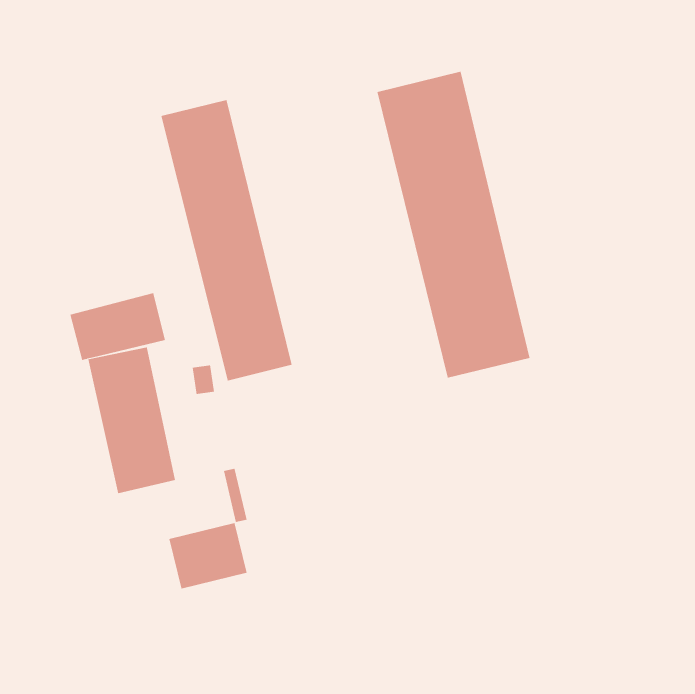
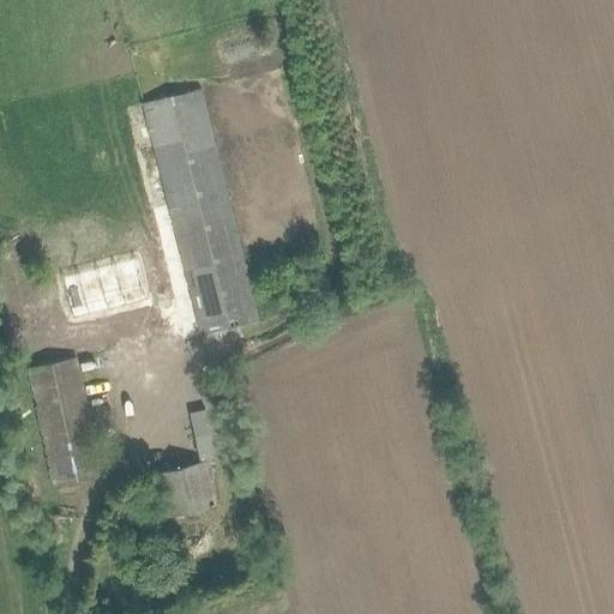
building: [377,71,530,379] -> none
building: [88,347,176,494] -> [24,356,102,486]

